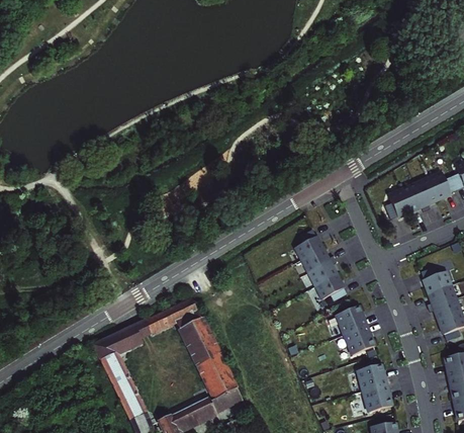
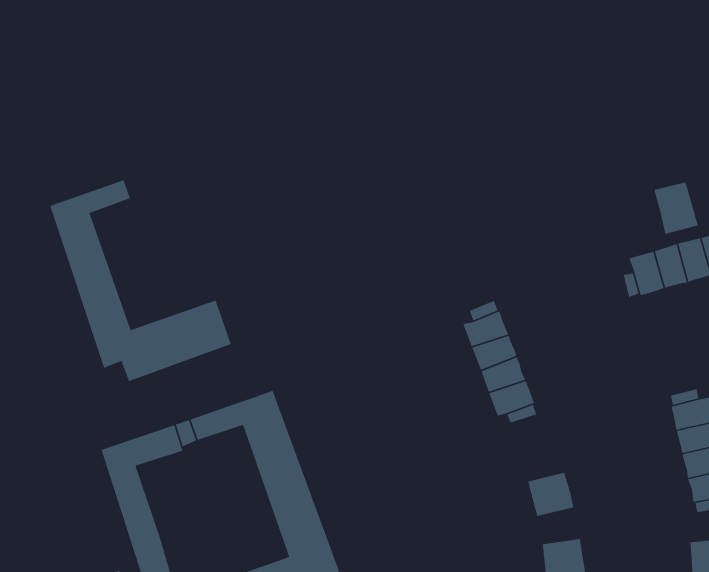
building: none -> [654,181,699,235]
building: none -> [49,179,232,382]
building: [338,305,367,333] -> none

